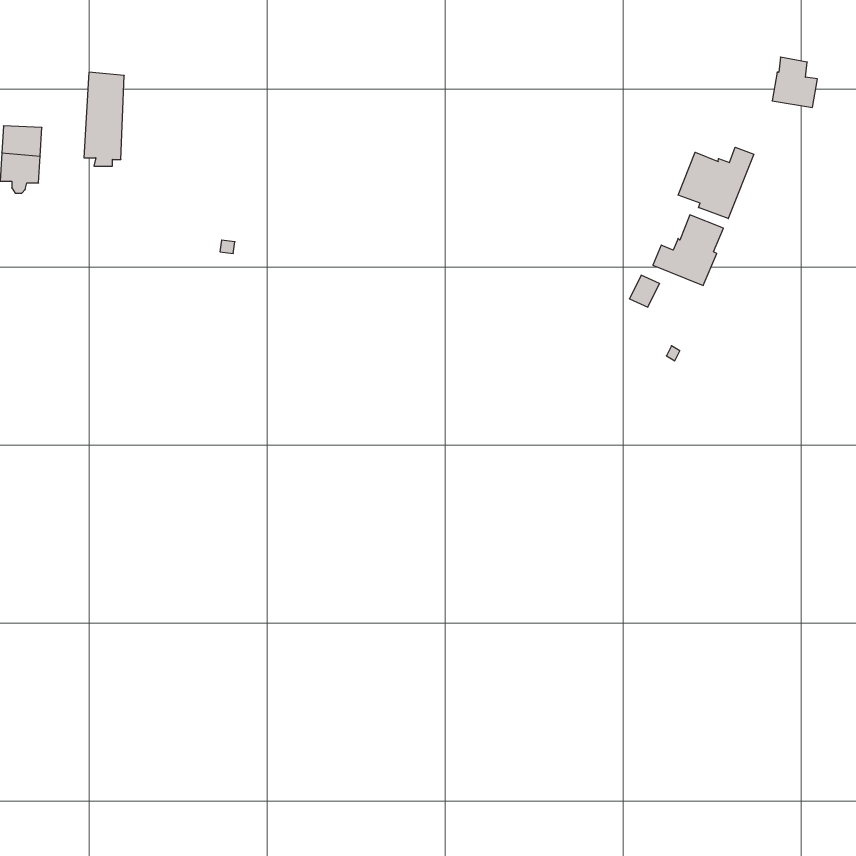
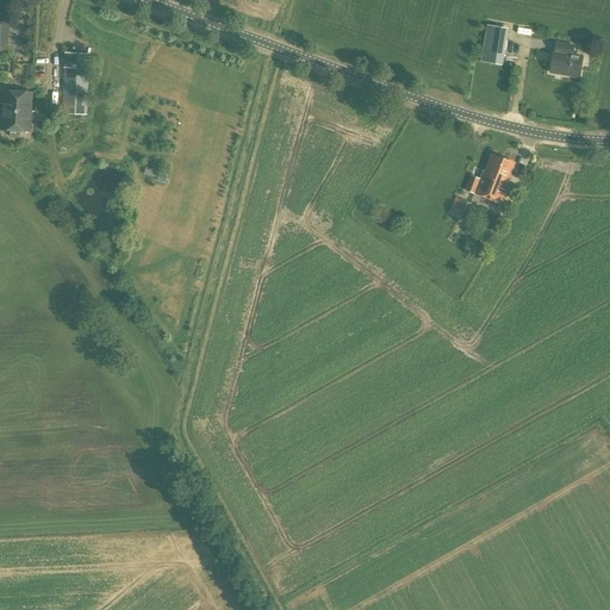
building: none -> [479,24,506,63]
building: [678,147,754,219] -> none

